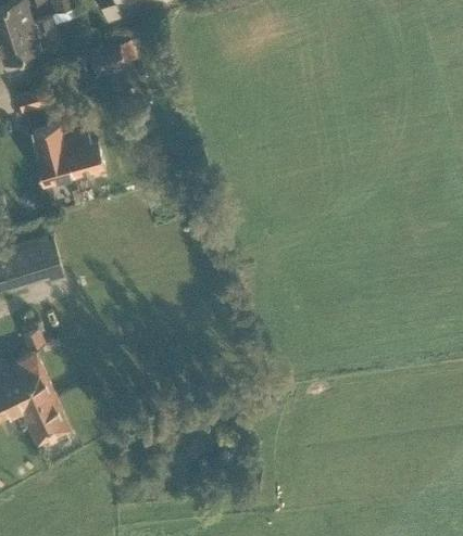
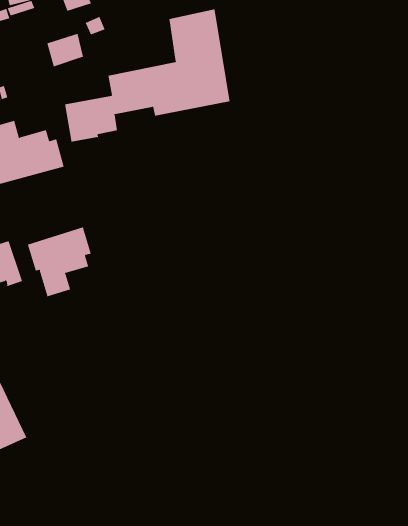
building: none -> [65,9,230,143]
building: none -> [27,227,91,297]

